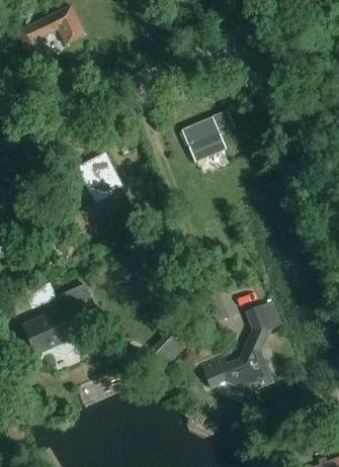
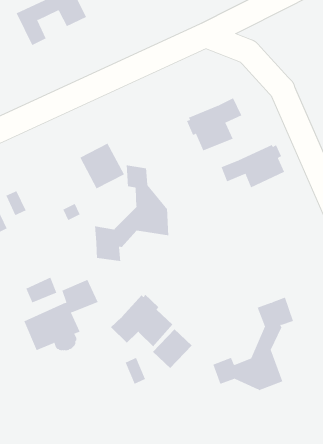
building: none -> [221,144,285,188]
building: none -> [94,165,169,262]
building: none -> [110,294,173,347]

